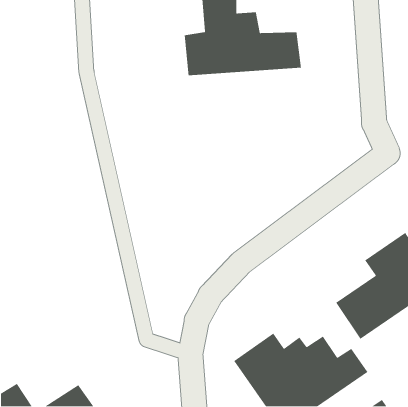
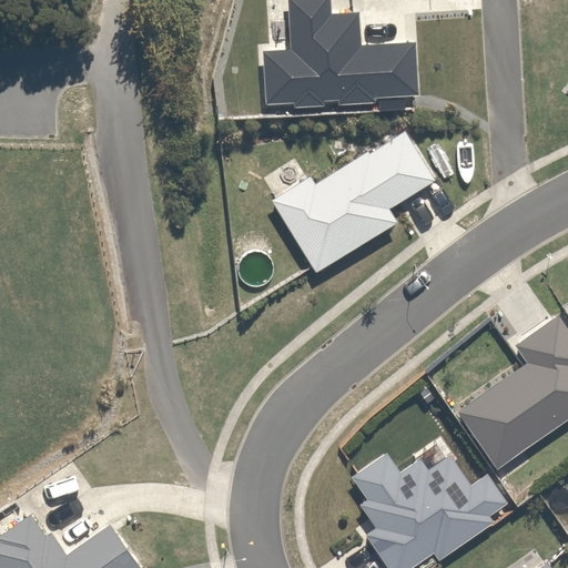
building: none -> [266,132,437,275]

